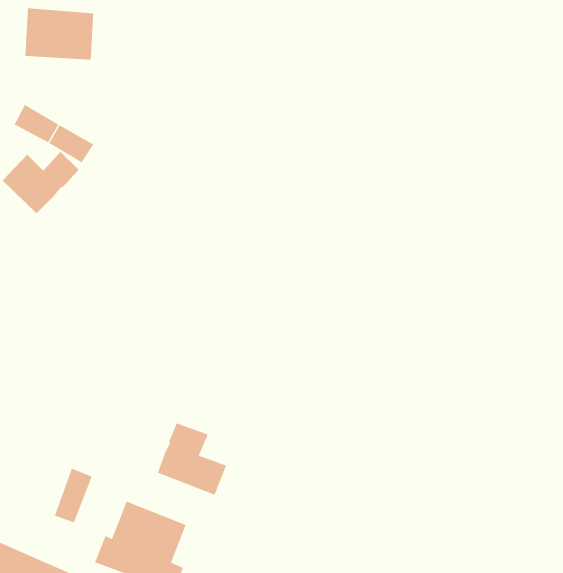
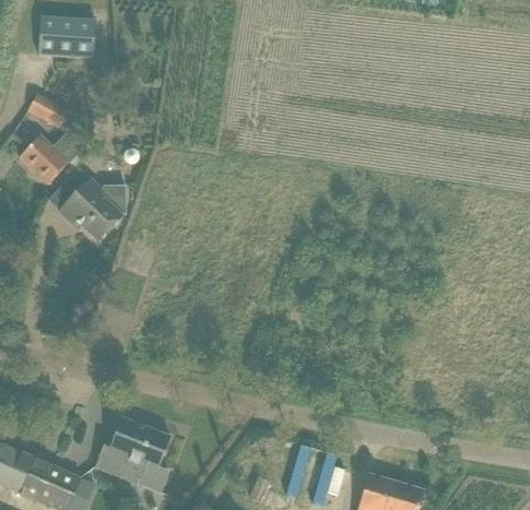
building: none -> [58,178,125,241]
building: [157,422,227,495] -> none
building: [54,468,93,523] -> none

